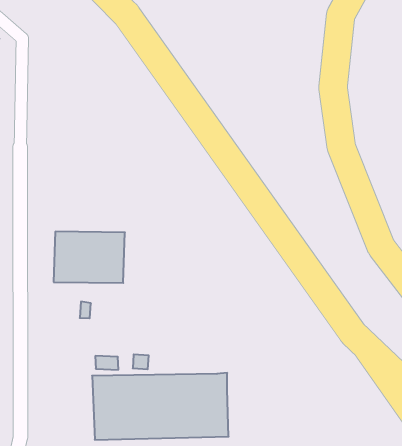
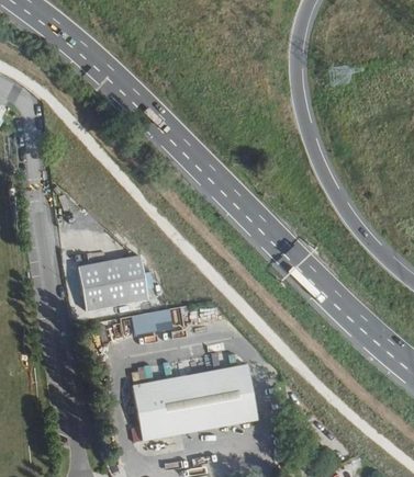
building: none -> [133,311,160,332]

